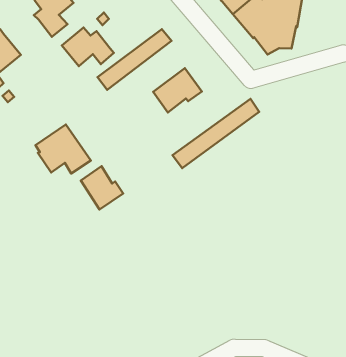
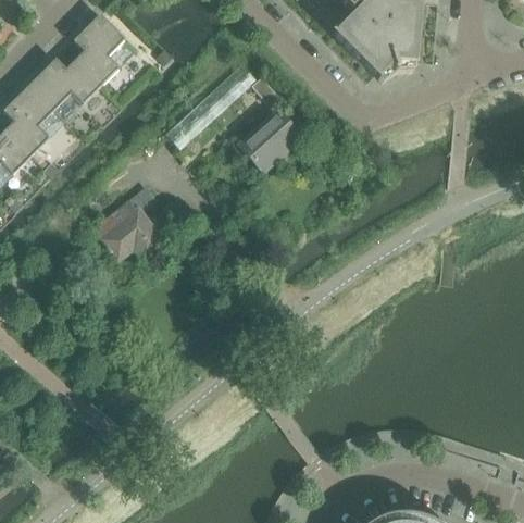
building: [62,27,114,66] -> [38,62,107,113]
building: [173,99,259,168] -> none
building: [81,166,123,209] -> none

